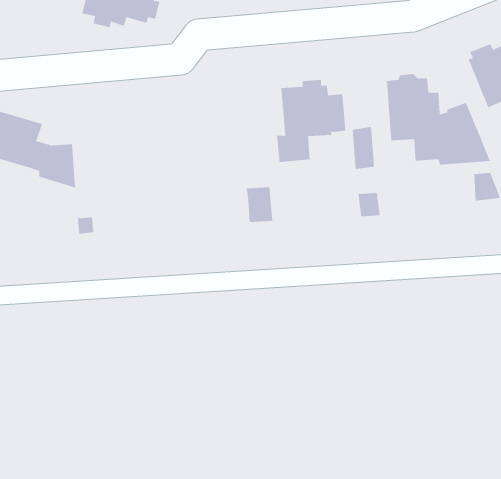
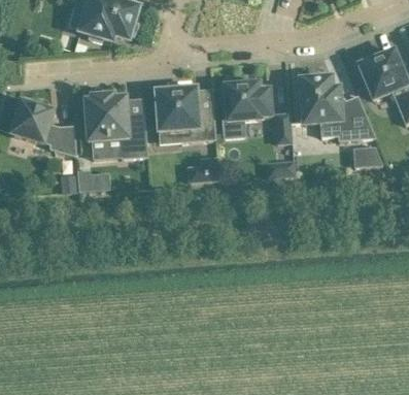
building: none -> [155,85,215,142]
building: none -> [84,94,147,159]

